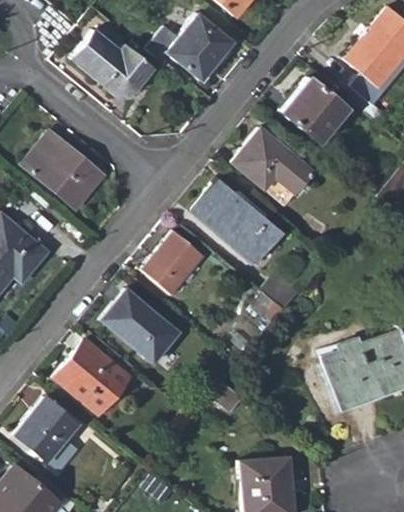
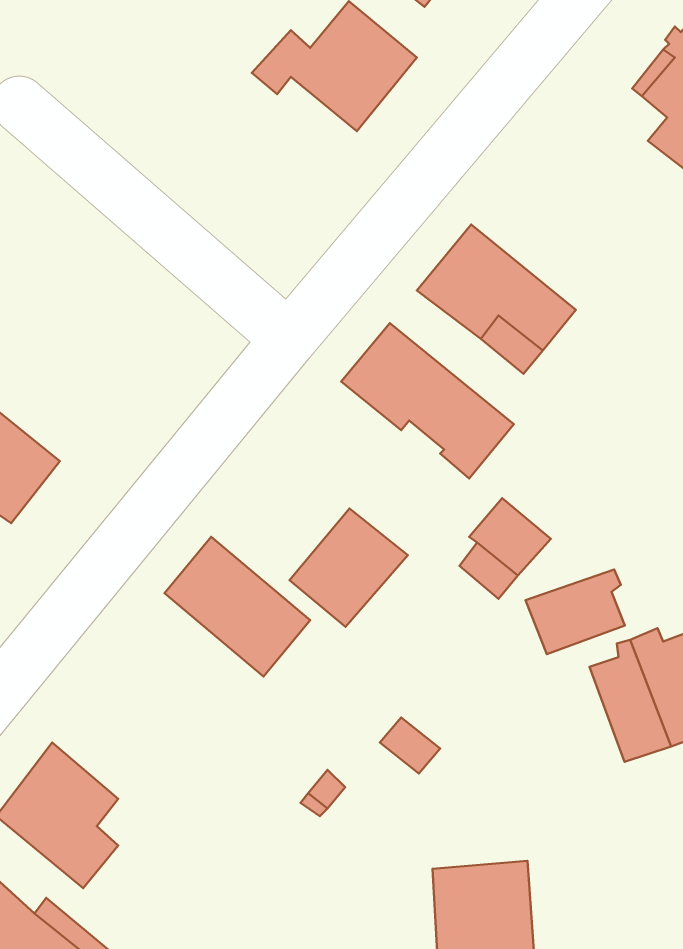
building: [71,31,154,94] -> none
building: [280,77,346,144] -> none
building: [23,131,104,209] -> none
building: [143,233,204,294] -> [289,508,408,627]
building: none -> [526,570,625,654]
building: [54,340,130,415] -> none

